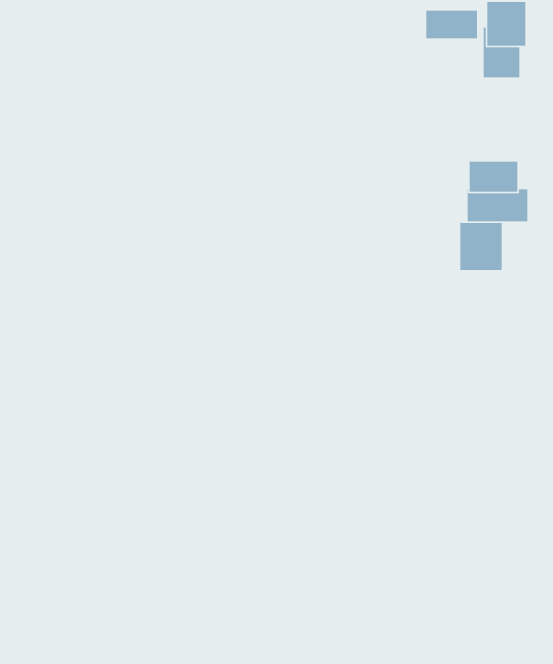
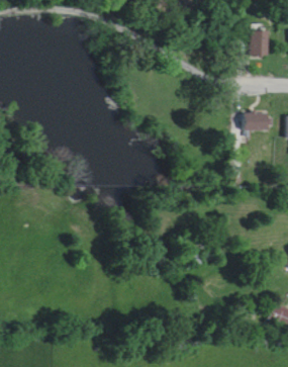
building: [426,10,478,39] -> none
building: [460,222,502,271] -> none

